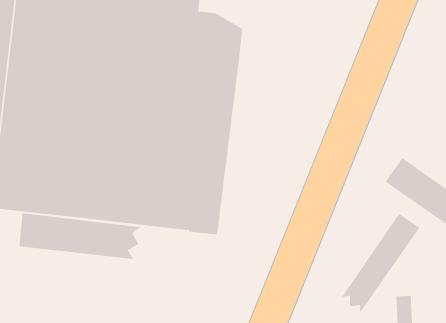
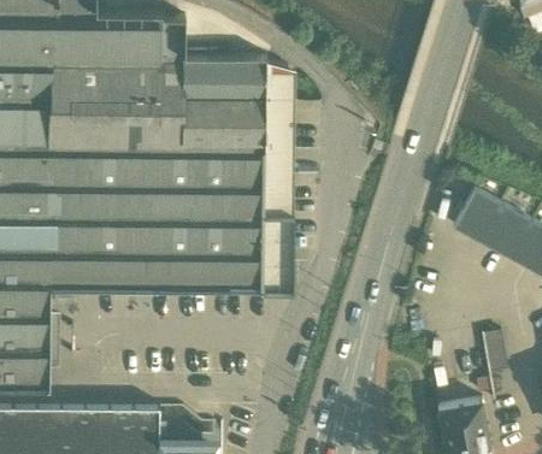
building: [18,212,142,260] -> none
building: [340,213,420,315] -> none

